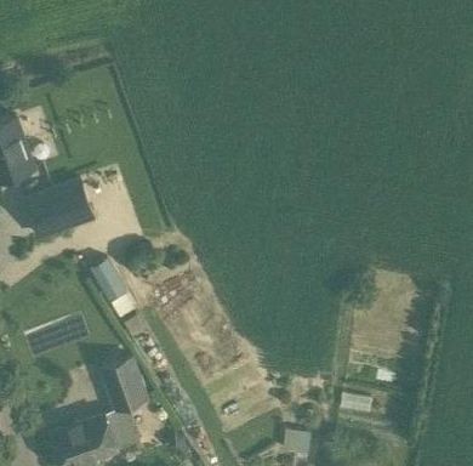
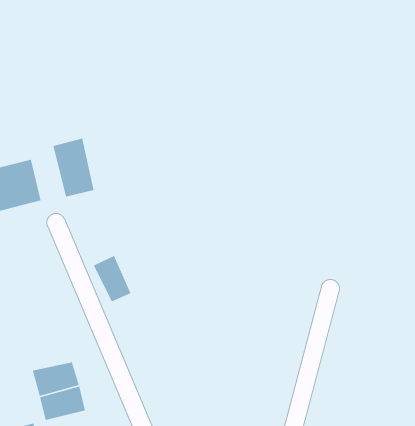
building: none -> [52,137,95,198]
building: [92,258,129,301] -> [93,255,132,303]

